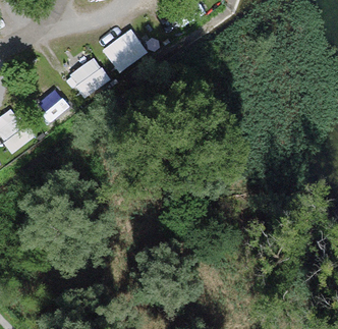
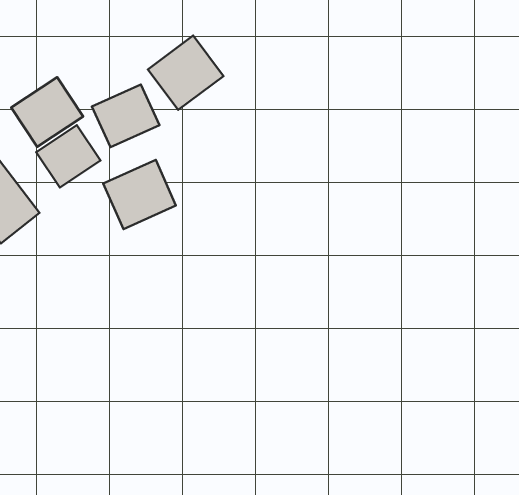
building: none -> [11,77,83,147]
building: none -> [103,160,176,229]

